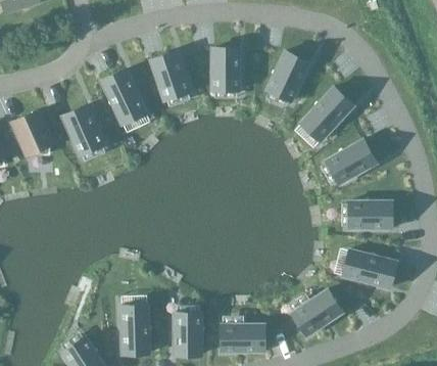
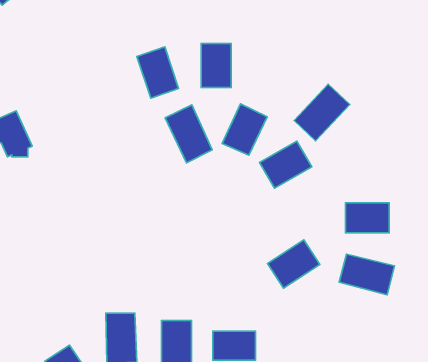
building: [265,51,308,100] -> [222,104,267,155]
building: [100,68,145,124] -> [165,105,212,163]
building: [61,105,103,154] -> none
building: [325,139,375,184] -> [260,141,312,188]
building: [291,289,341,335] -> [268,240,320,288]

